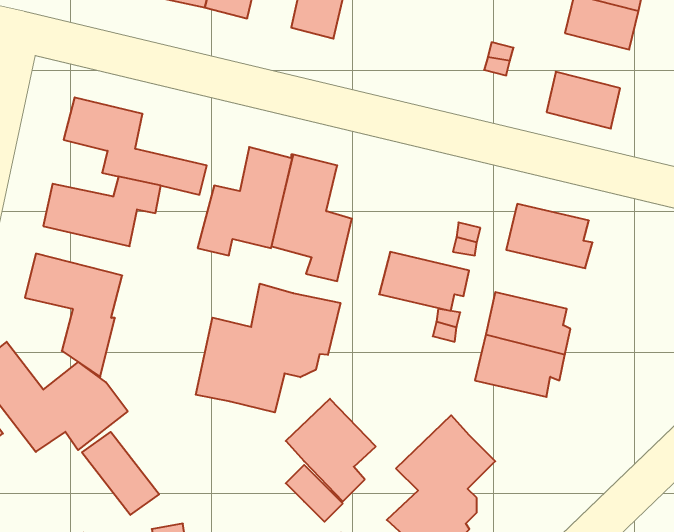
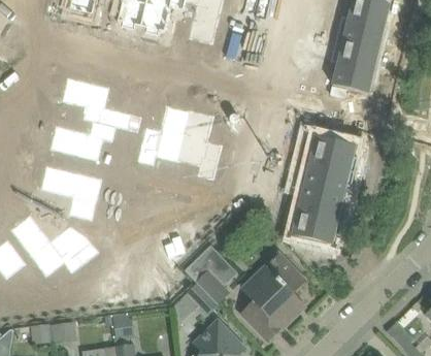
building: none -> [337,40,378,71]
building: [379,252,469,311] -> [303,162,354,195]
building: [196,284,340,412] -> none
building: [82,432,159,515] -> none

